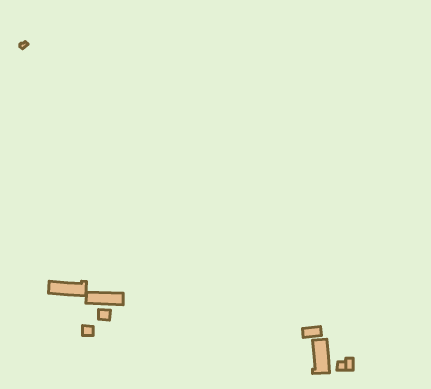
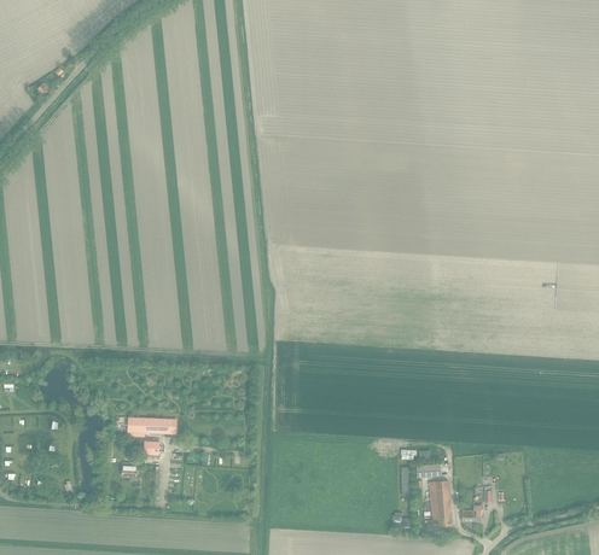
building: [48,281,87,296] -> none

